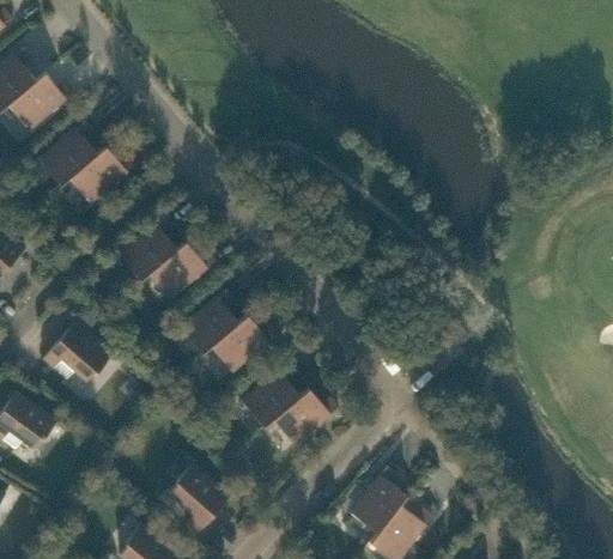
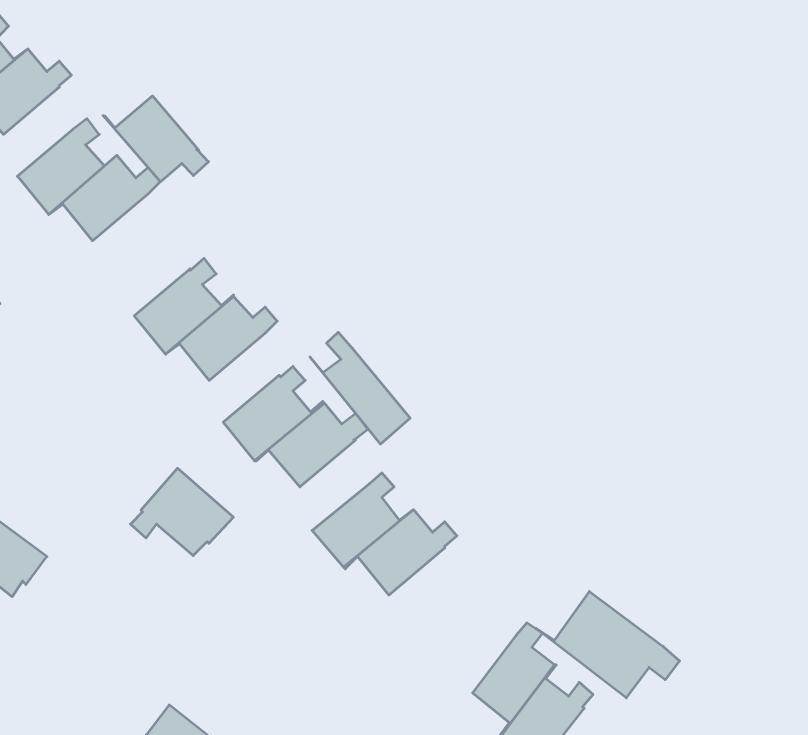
building: none -> [103,96,209,182]
building: none -> [310,332,410,444]
building: [41,322,111,382] -> [130,468,233,556]
building: none -> [536,591,680,698]
building: [166,464,227,535] -> none

